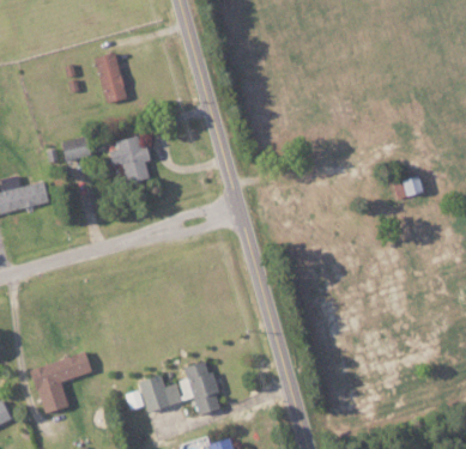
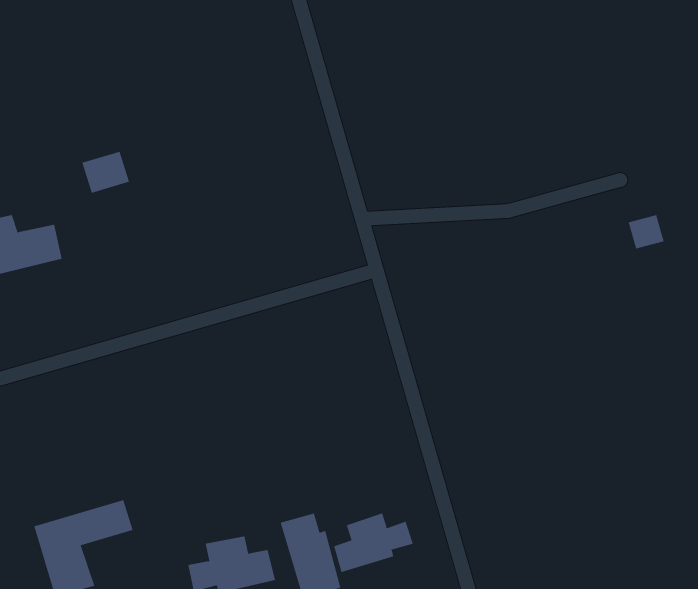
building: [95,53,128,103] -> none
building: [109,135,152,186] -> none
building: none -> [333,512,413,573]

